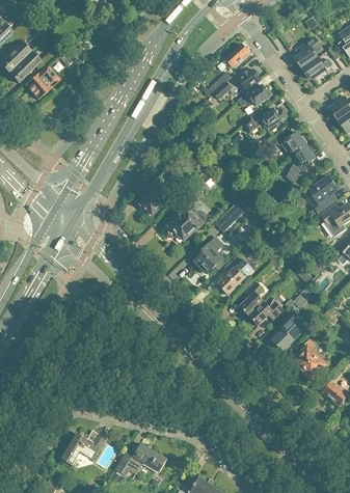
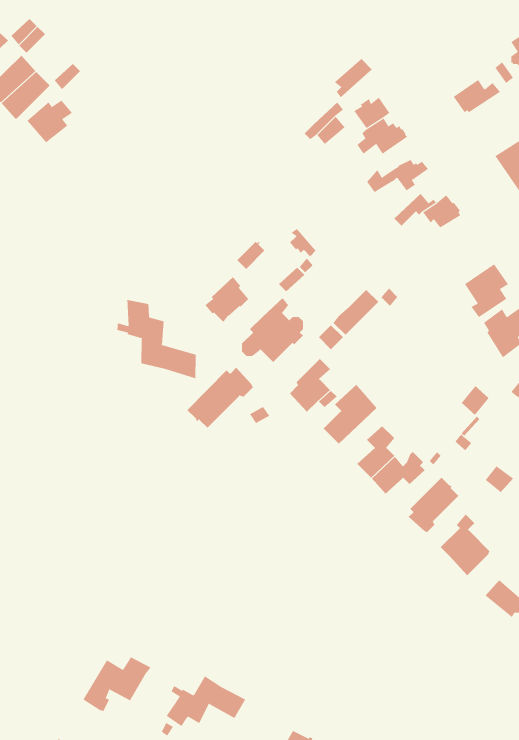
building: [294,35,322,67] -> none
building: [286,144,315,187] -> none
building: none -> [117,299,196,379]
building: none -> [186,367,253,429]

